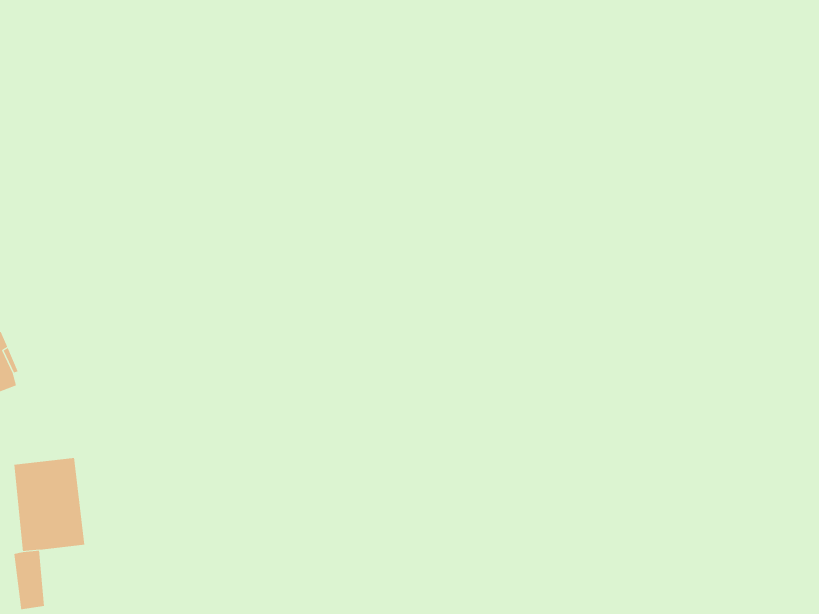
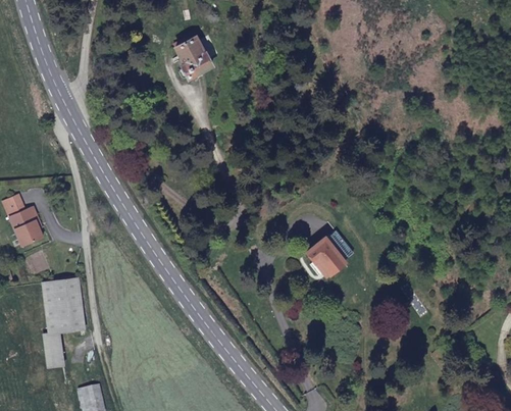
building: none -> [175,37,211,79]
building: none -> [307,237,345,276]

